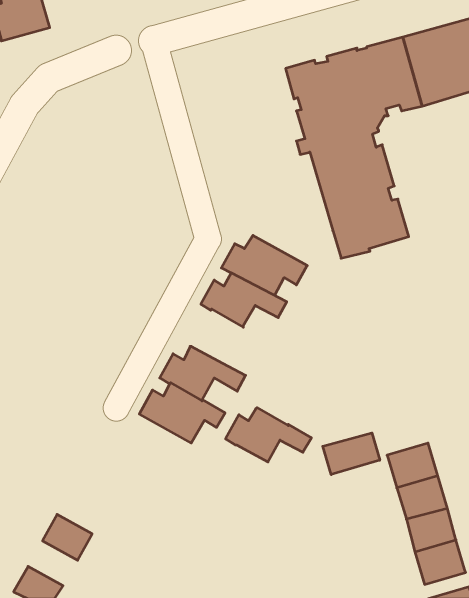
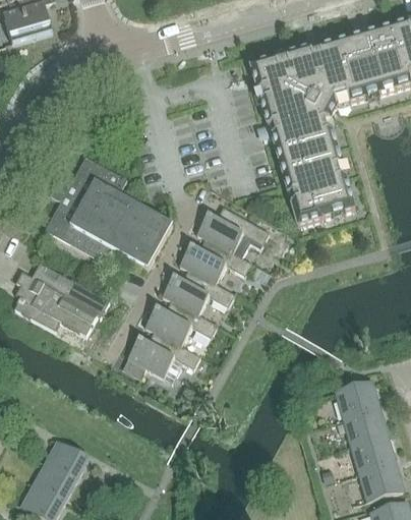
building: none -> [44,156,172,267]
building: none -> [14,261,109,334]
building: [226,408,311,462] -> [162,268,234,313]
building: [323,433,380,475] -> none
building: none -> [34,463,75,501]

